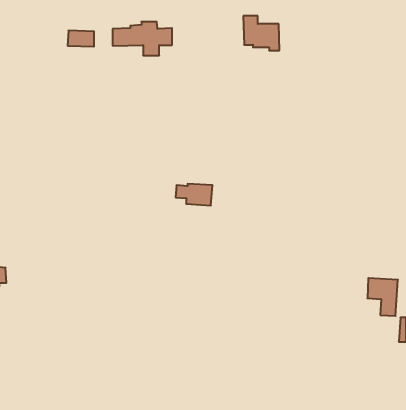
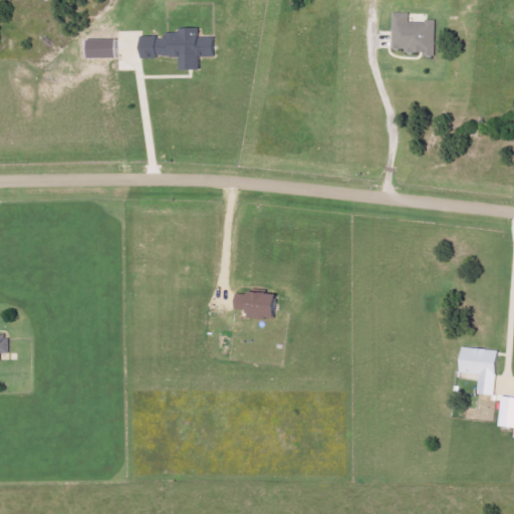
building: [243,16,279,50] -> [390,12,435,55]
building: [176,184,213,205] -> [233,291,279,318]

